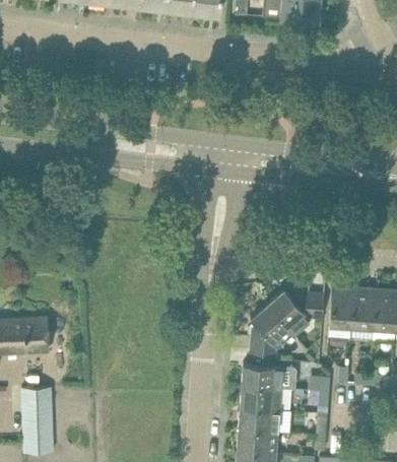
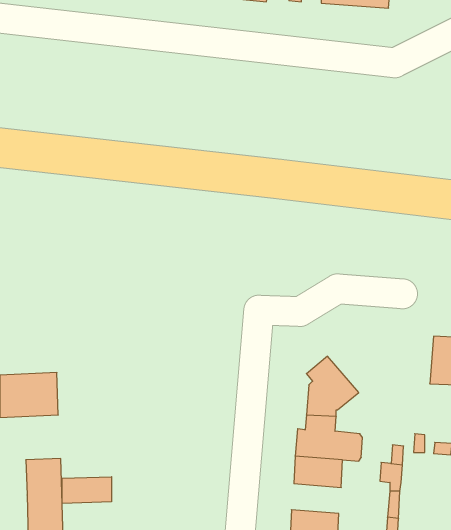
building: [329,285,354,326] -> none
building: [268,288,324,333] -> none
building: none -> [62,477,112,503]
building: [239,407,279,432] -> none

